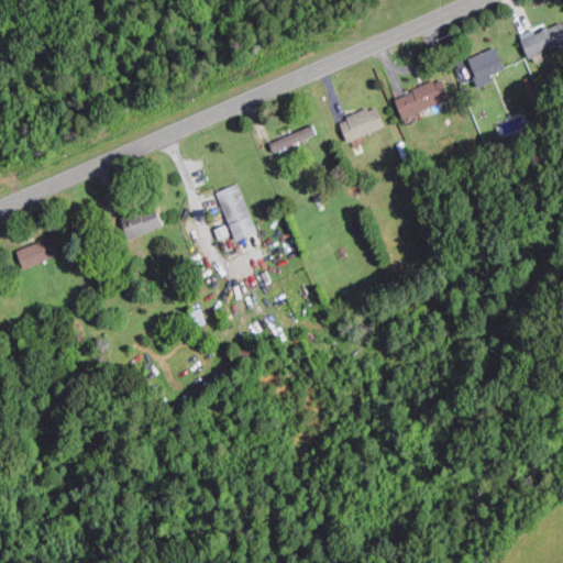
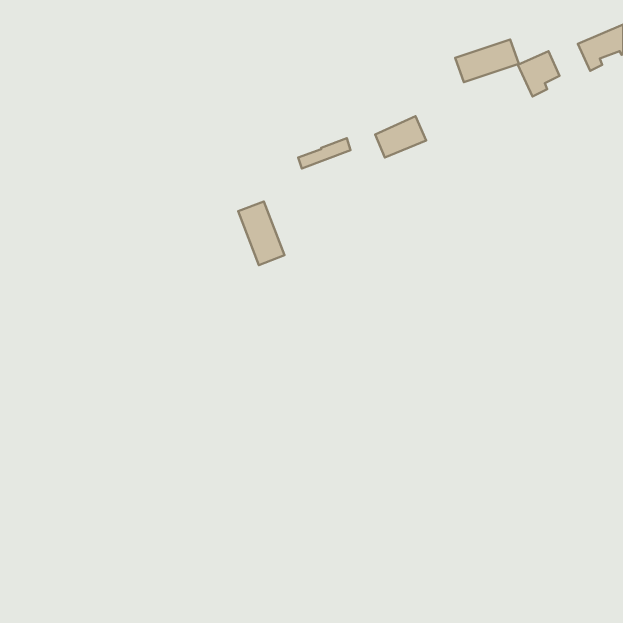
building: [393,80,450,119] -> [455,39,519,82]
building: [120,207,162,240] -> none
building: [15,236,58,269] -> none

